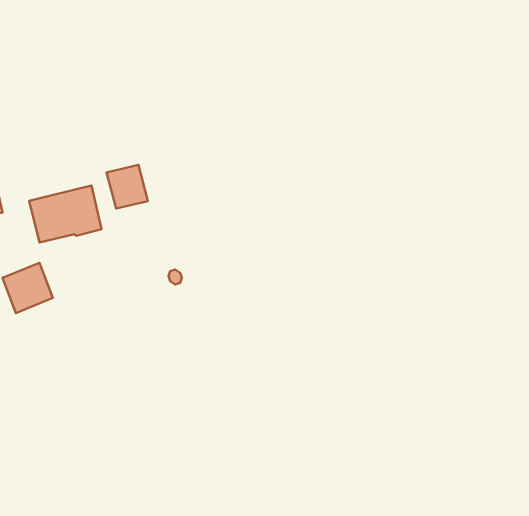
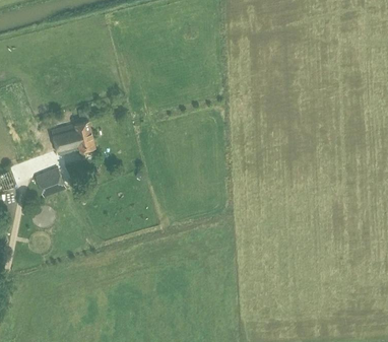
building: [107,165,148,209] -> none

